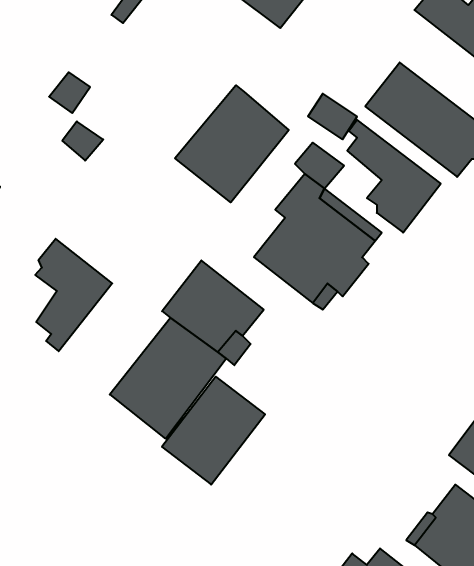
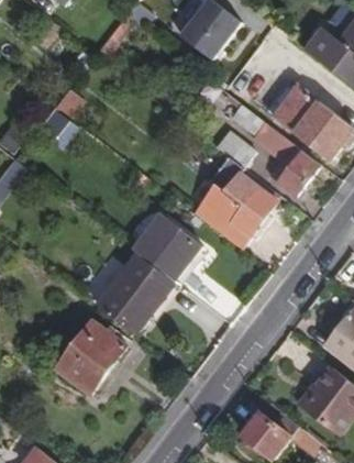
building: [175,85,289,202] -> none
building: [35,239,112,351] -> none
building: [162,377,265,485] -> [57,321,126,394]

